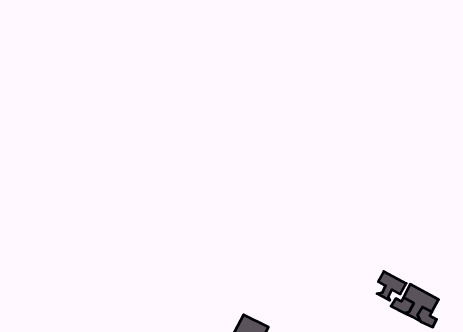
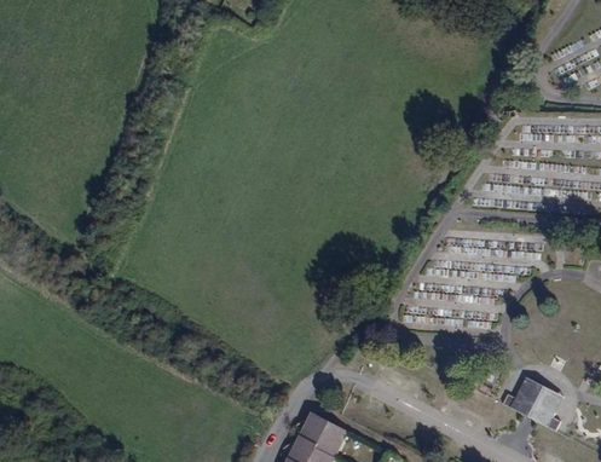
building: [377,271,406,300] -> none

